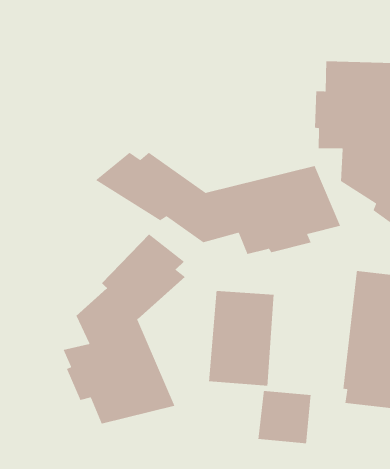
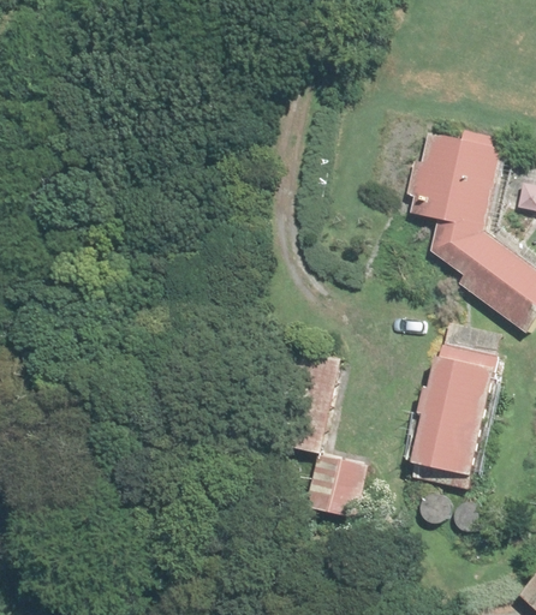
building: [95,152,341,255] -> none
building: [63,233,186,424] -> none

